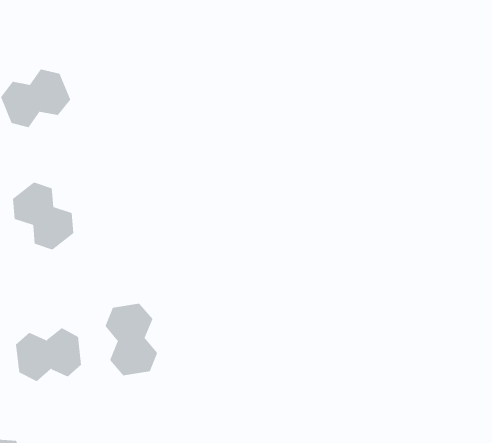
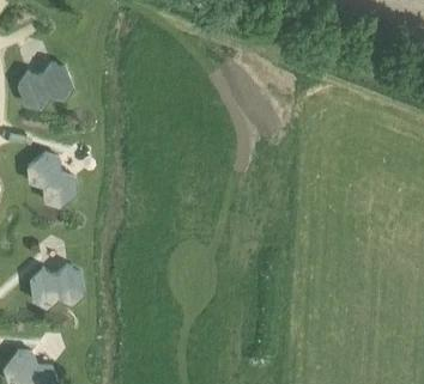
building: [105,303,158,376] -> none

